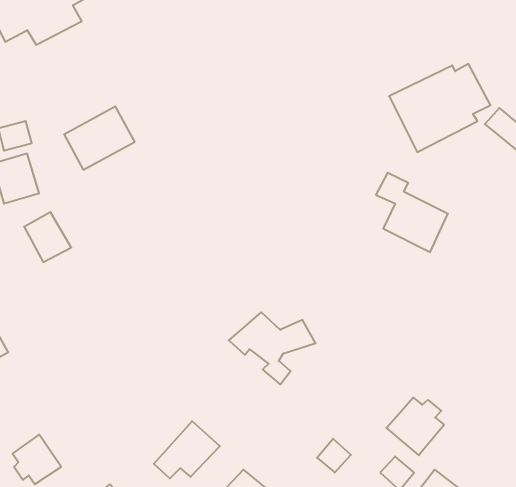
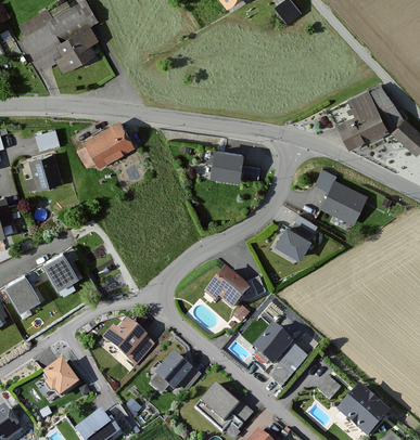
building: none -> [209,147,247,181]
building: [24,212,71,262] -> [44,253,79,289]
building: none -> [273,215,317,256]
building: none -> [103,322,147,362]
building: none -> [255,324,296,366]
building: [386,398,444,455] -> none

